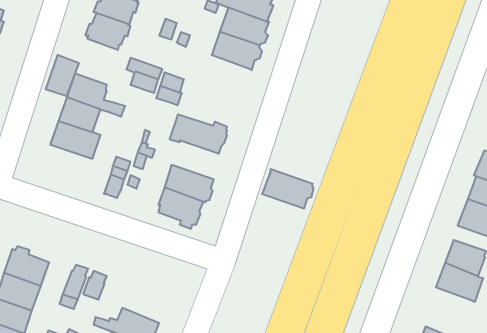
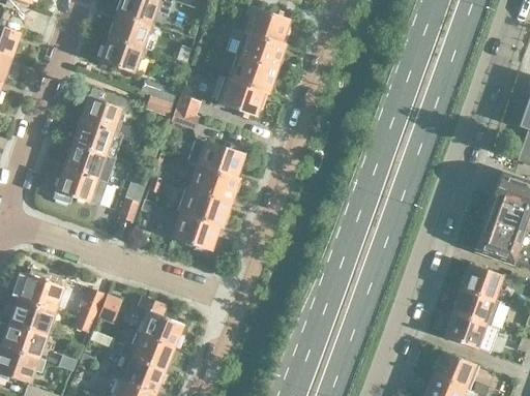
building: none -> [215,77,266,117]
building: [46,55,79,96] -> none
building: none -> [54,167,98,203]
building: [262,169,314,208] -> [186,163,238,203]
building: none -> [131,291,183,347]
building: none -> [443,311,498,353]

